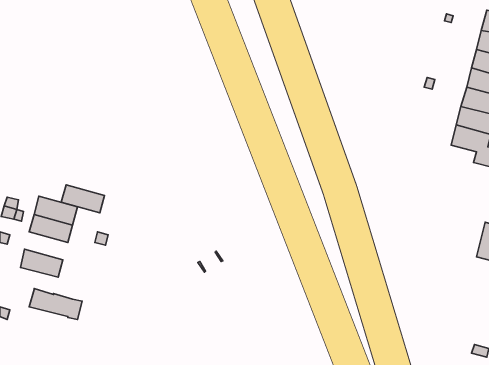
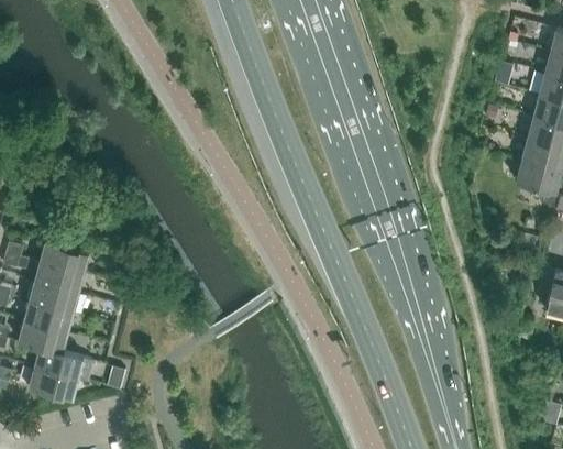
building: [61,185,105,213] -> [29,284,78,316]
building: none -> [19,325,67,355]
building: none -> [29,370,78,402]

